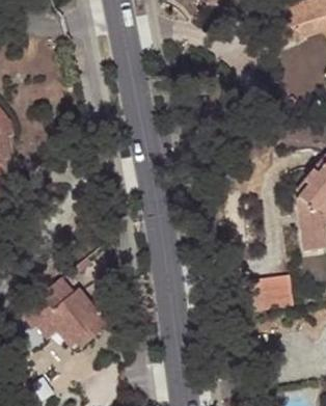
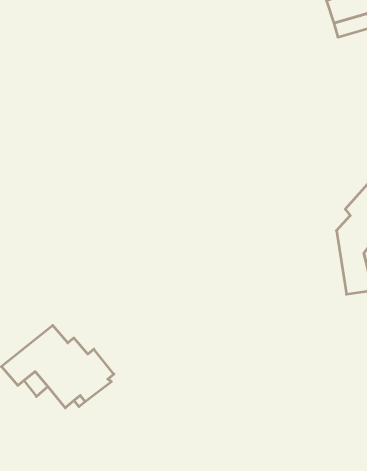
building: [249,273,295,307] -> none

